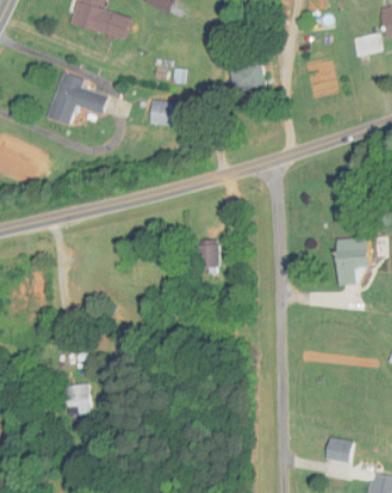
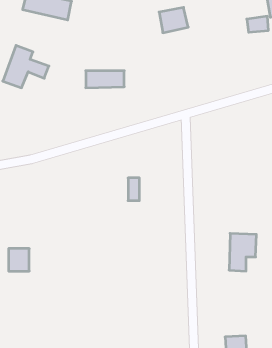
building: [228,60,265,92] -> [159,7,188,33]
building: [335,237,369,285] -> [229,233,256,271]
building: [66,385,92,413] -> [9,249,29,271]

